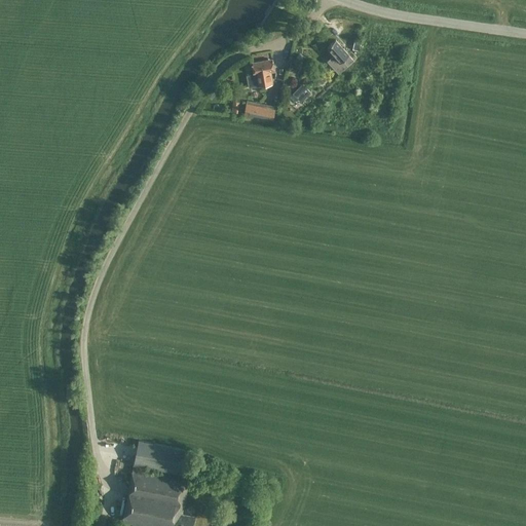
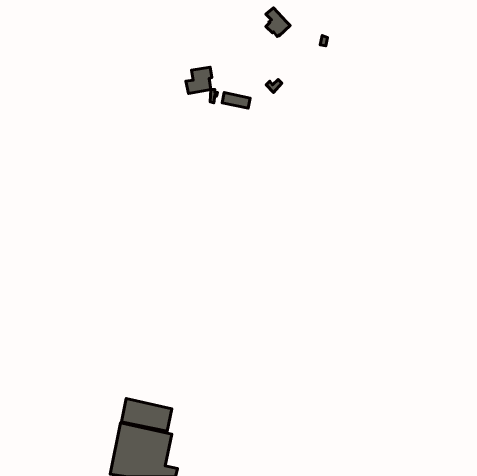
building: [327,41,353,73] -> [266,8,290,37]
building: [246,61,274,89] -> [186,67,212,93]

